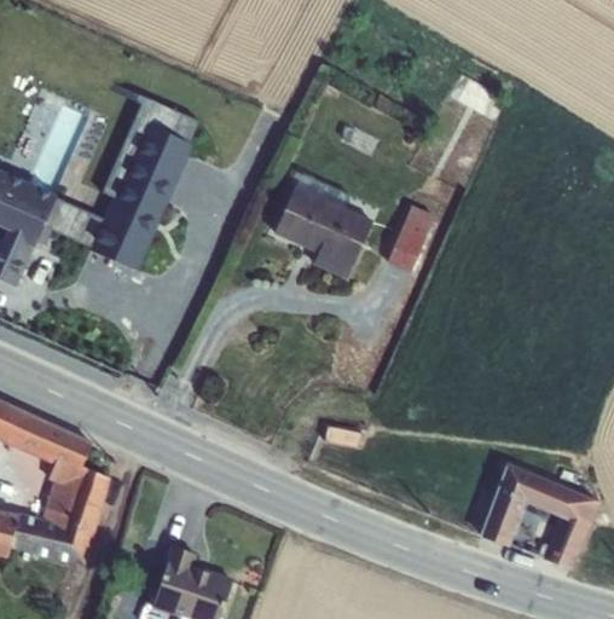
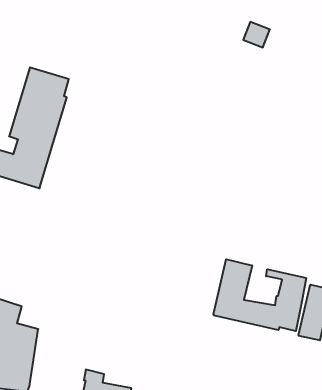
building: [272,185,371,278] -> none
building: [386,208,431,271] -> none
building: none -> [214,259,306,331]

